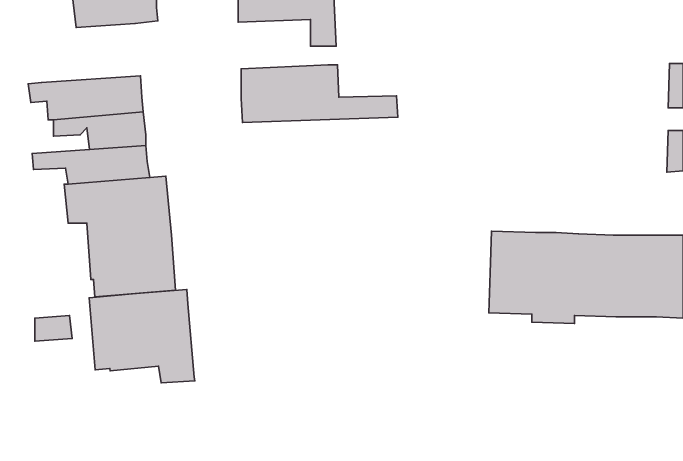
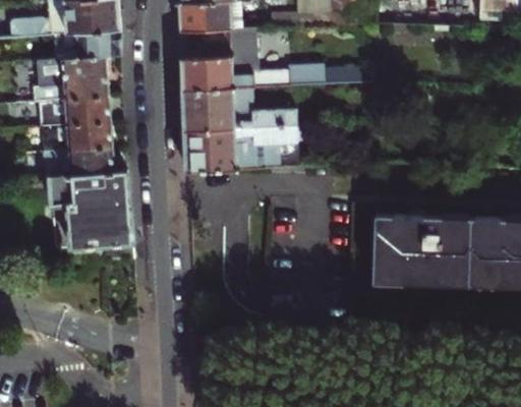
building: none -> [181,55,359,93]
building: none -> [31,58,107,103]
building: none -> [184,129,303,175]
building: [89,290,195,383] -> none

